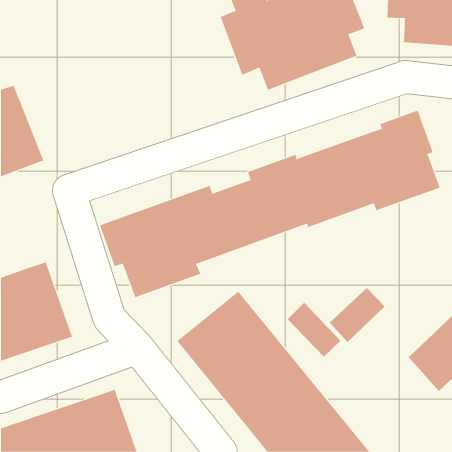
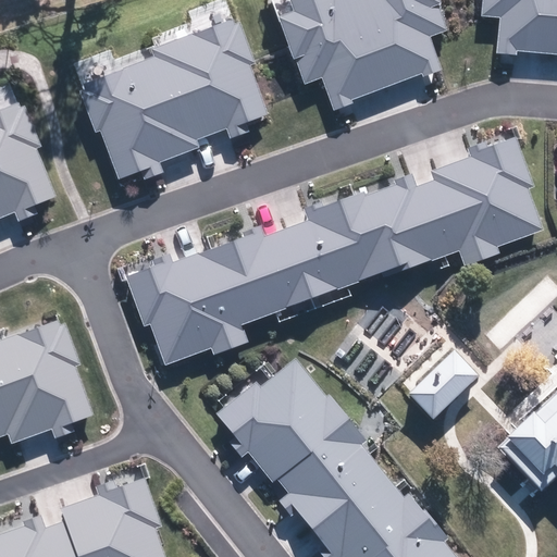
building: none -> [81,20,271,180]
building: [287,302,341,357] -> none

